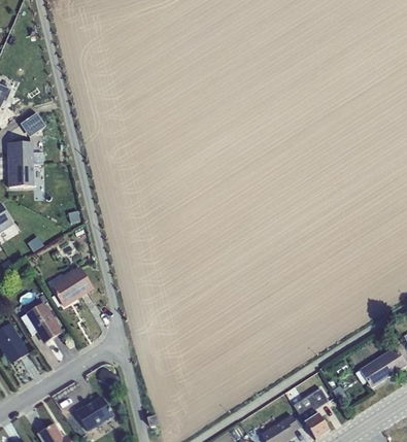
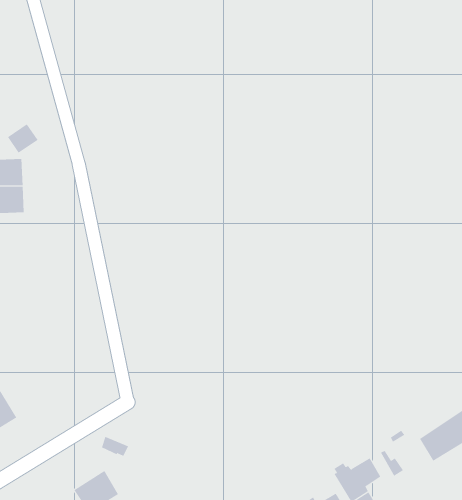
building: [50,266,94,307] -> none
building: [25,302,64,344] -> none

